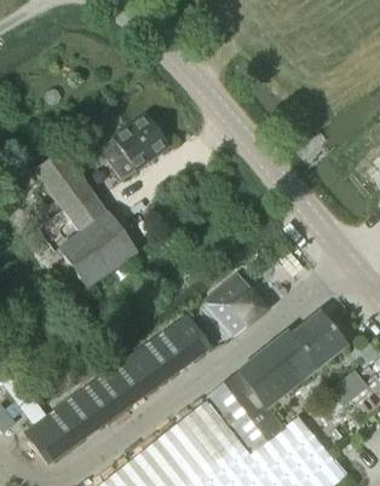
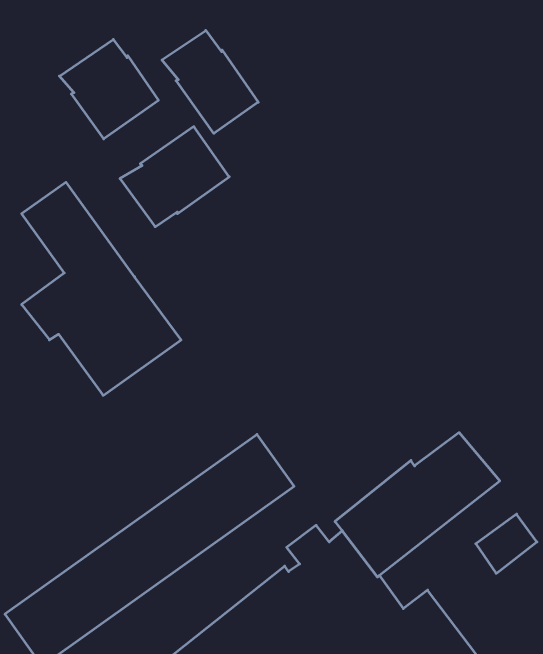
building: none -> [162,30,258,133]
building: none -> [59,39,158,139]
building: [201,274,269,340] -> none

